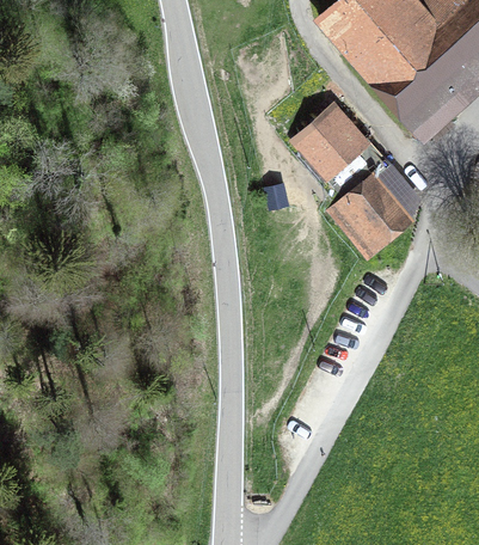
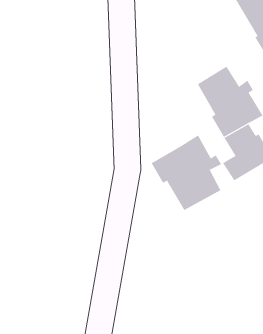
building: none -> [151,135,222,211]

